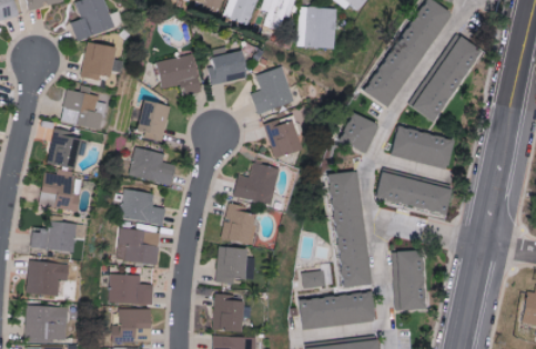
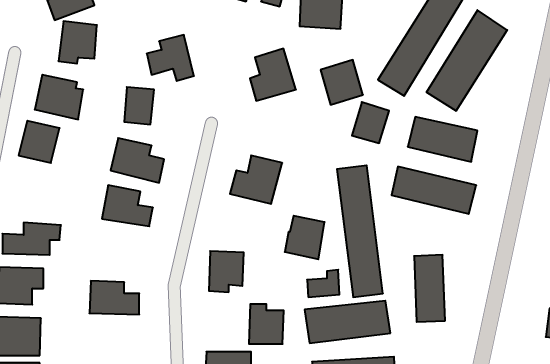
building: [206,52,247,82] -> none
building: [265,119,303,158] -> [321,60,363,105]
building: [40,174,79,209] -> none
building: [221,206,256,245] -> [285,216,325,259]
building: [118,229,159,264] -> none
building: [212,295,243,330] -> [249,304,284,344]
building: [117,309,152,341] -> none

